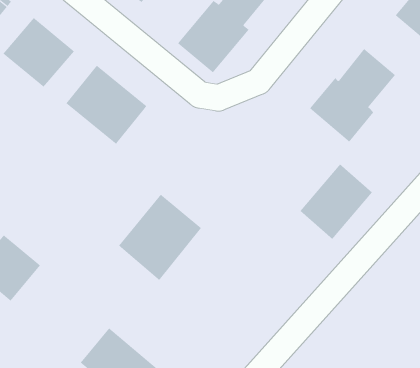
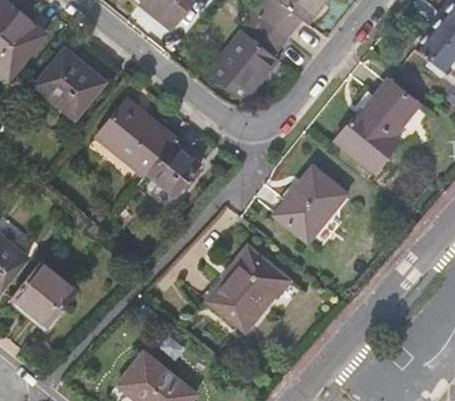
building: none -> [149,139,202,194]
building: [299,163,373,240] -> [274,169,346,243]
building: [118,194,202,281] -> [204,249,285,334]

